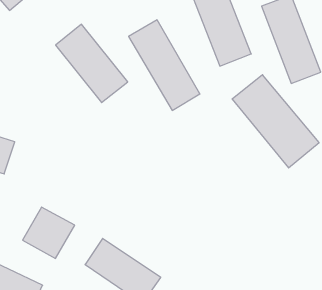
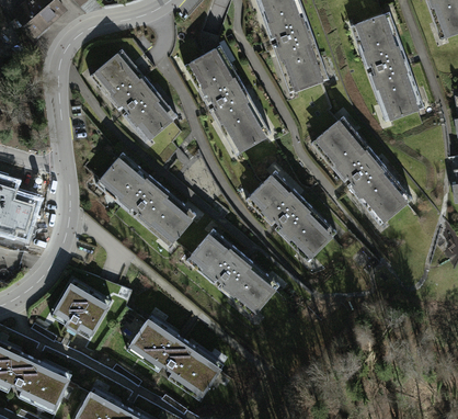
building: none -> [90,148,201,248]
building: none -> [245,166,340,259]
building: none -> [186,224,287,317]

